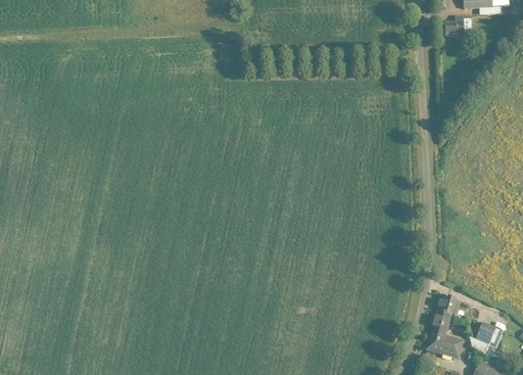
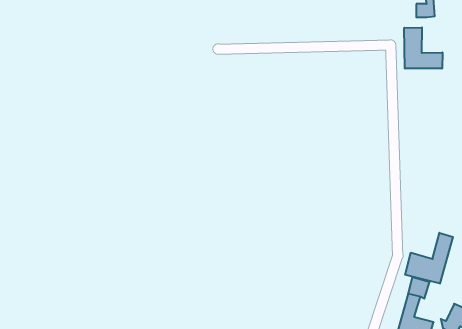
building: none -> [404,27,442,69]
building: none -> [405,233,453,284]

